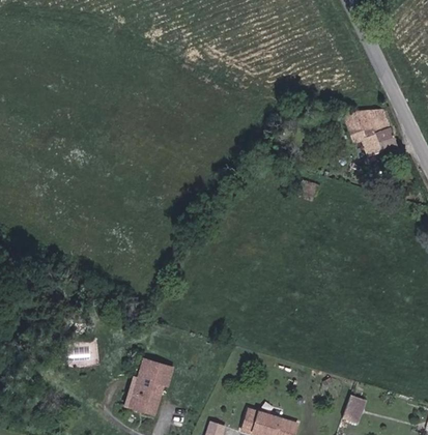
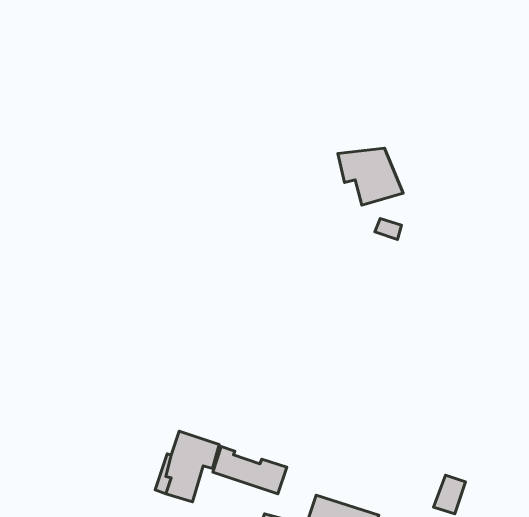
building: [346,109,397,153] -> [338,148,403,205]
building: none -> [213,446,287,494]

